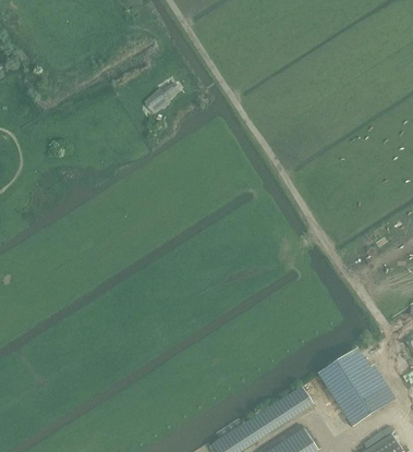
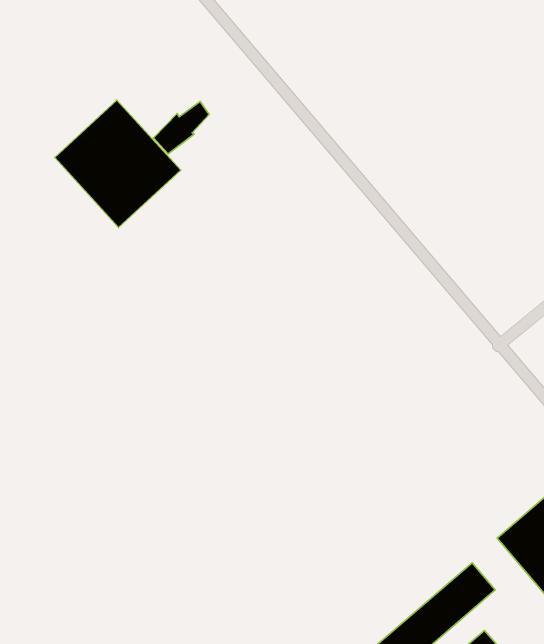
building: none -> [55,100,181,228]

